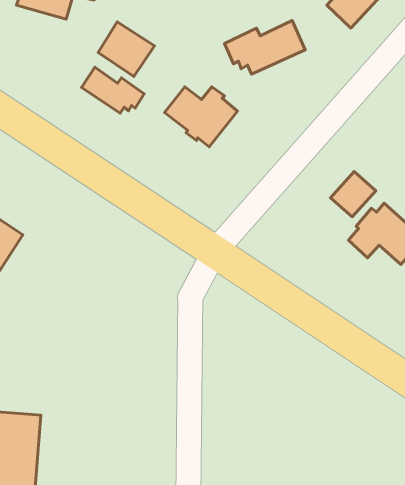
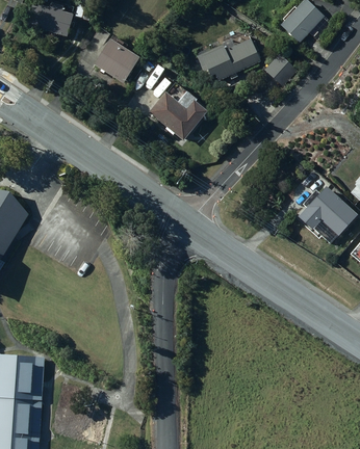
building: none -> [264,54,298,87]
building: [82,67,144,113] -> none
building: [330,172,376,217] -> none

